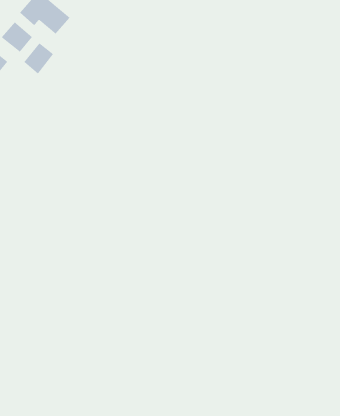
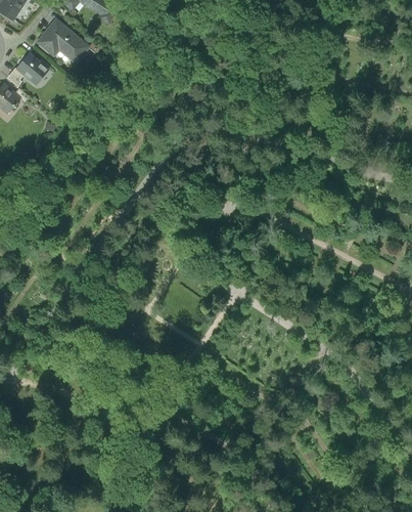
building: [23,43,54,74] -> none

